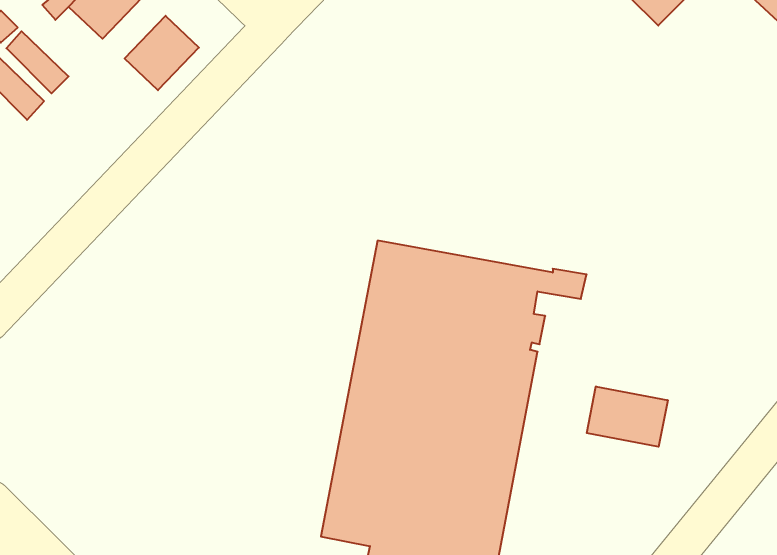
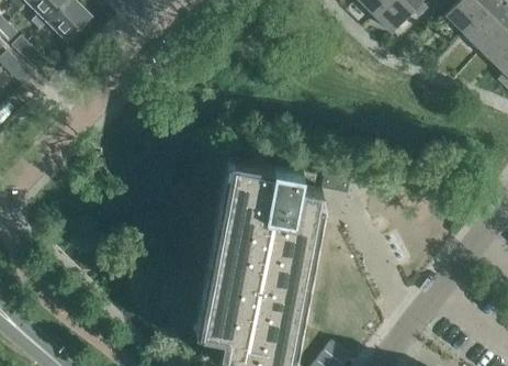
building: [125,16,199,90] -> none
building: [587,386,668,447] -> none

